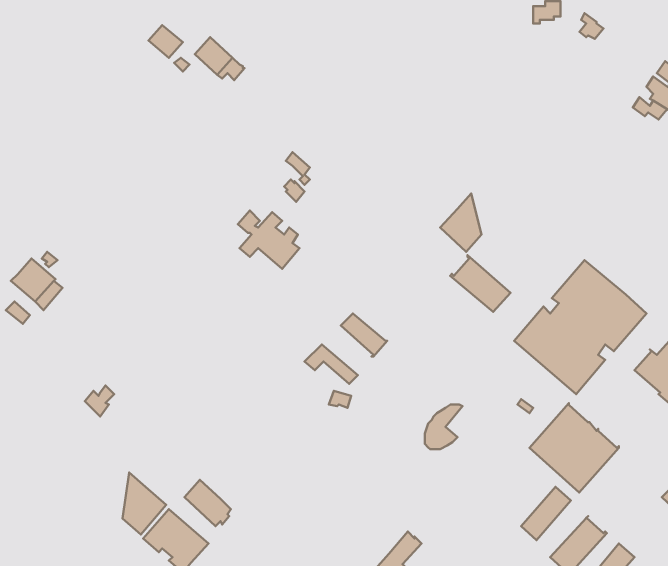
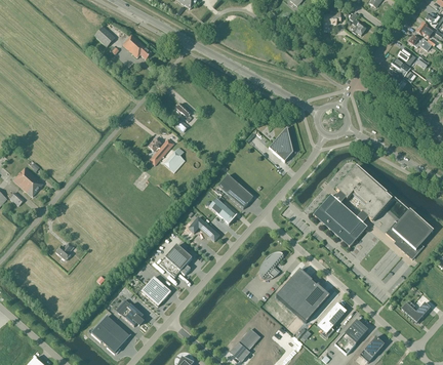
building: [450,255,510,312] -> [217,173,253,207]
building: none -> [159,244,192,277]
building: [529,403,619,492] -> [276,269,329,322]
building: none -> [140,276,171,306]
building: [122,472,166,535] -> none

